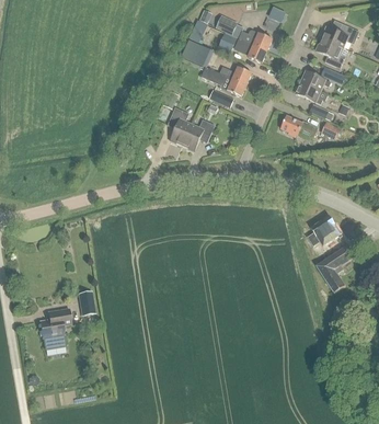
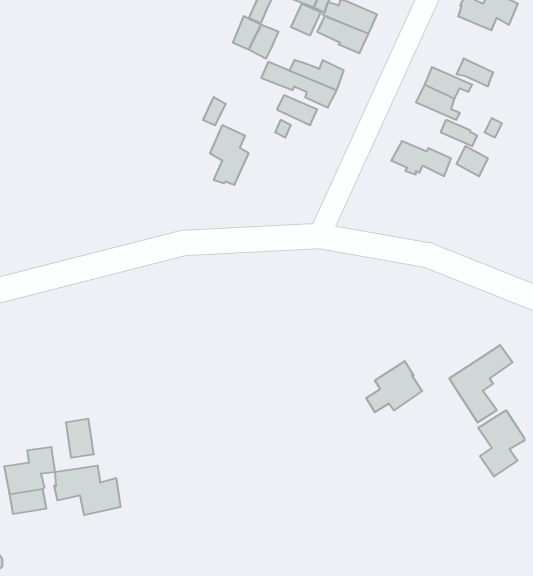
building: [315,39,348,69] -> none
building: [183,119,215,151] -> none
building: [306,215,341,247] -> [366,361,422,412]
building: none -> [478,410,525,477]
building: none -> [54,465,120,515]

